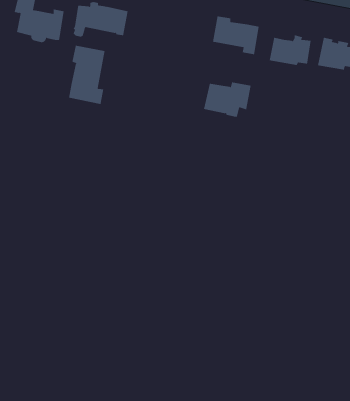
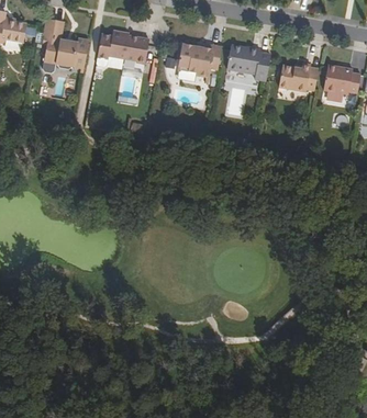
building: [69,45,105,105] -> none
building: [203,82,252,117] -> [177,43,222,76]

